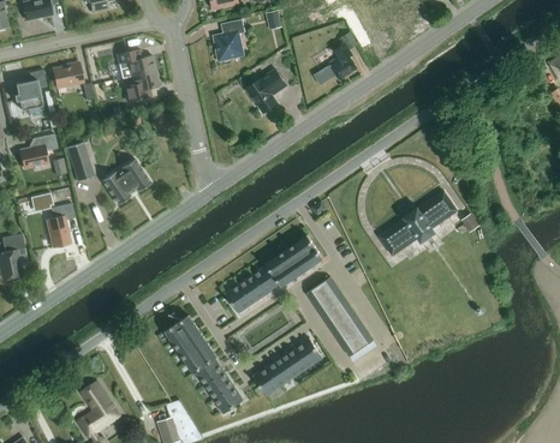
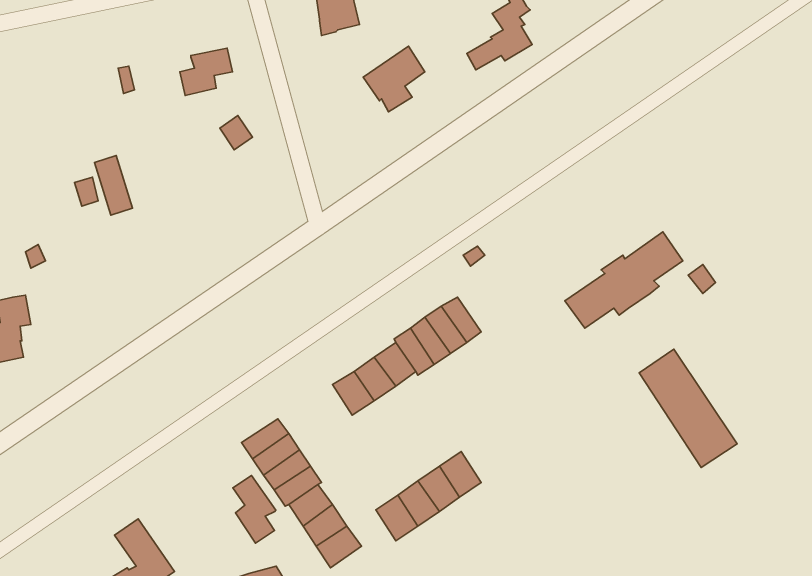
building: [117,50,155,78] -> none
building: [53,62,83,88] -> none
building: [13,70,47,110] -> none
building: [19,134,58,168] -> none
building: [102,158,151,204] -> none
building: [46,203,75,247] -> none
building: [308,277,373,355] -> [639,349,737,467]
building: none -> [233,475,276,543]

